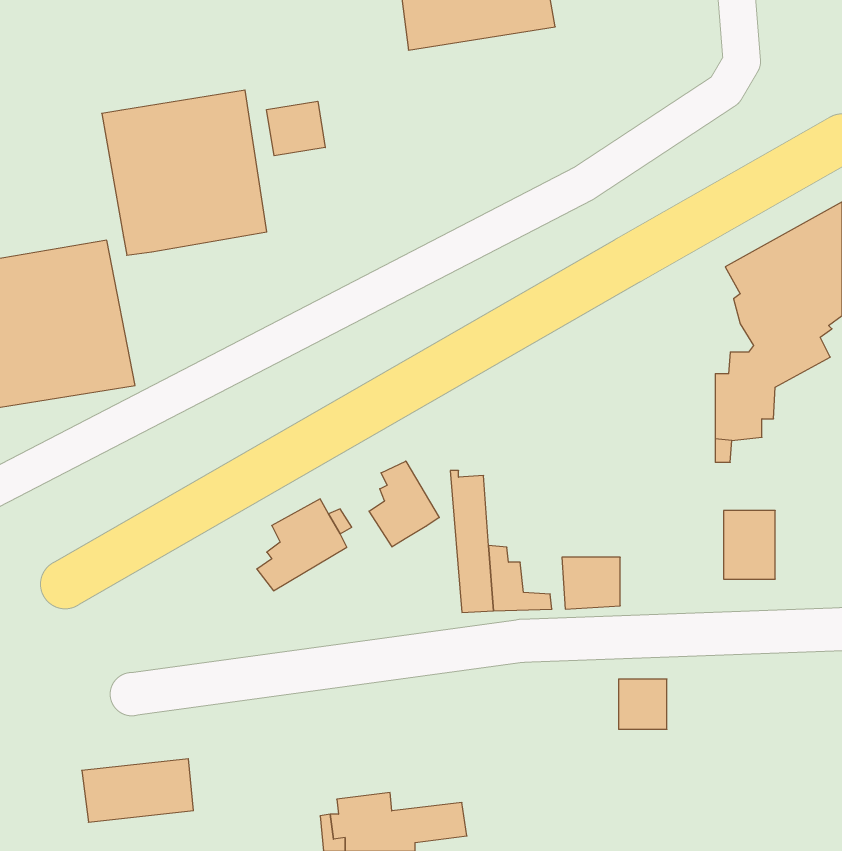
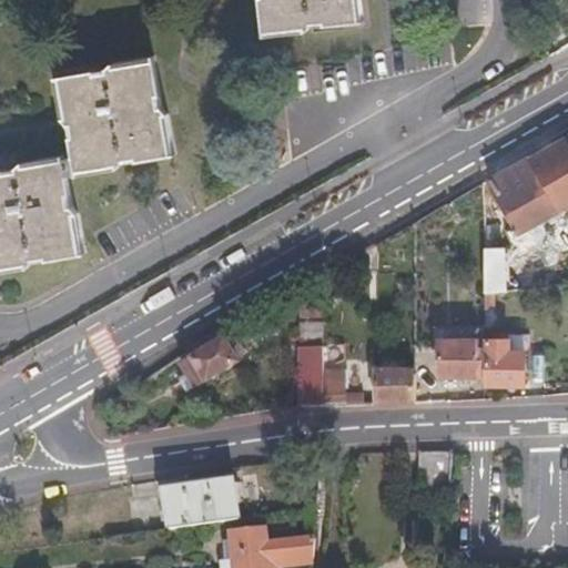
building: [267,101,325,156] -> none
building: [369,461,439,547] -> none
building: none -> [434,341,476,375]
building: [82,759,193,822] -> [155,483,230,525]

